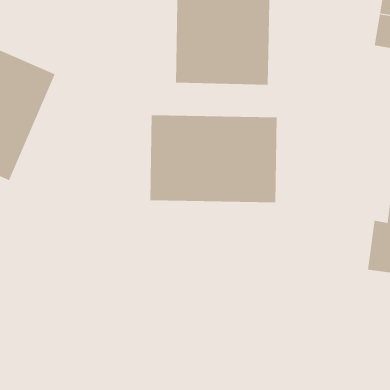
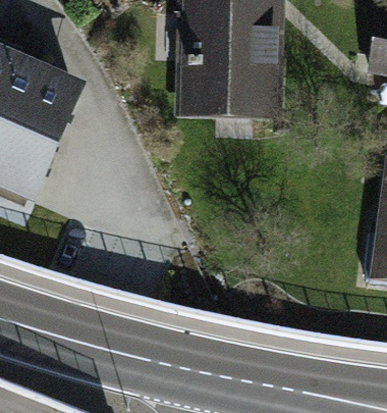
building: [150,115,277,203] -> none

